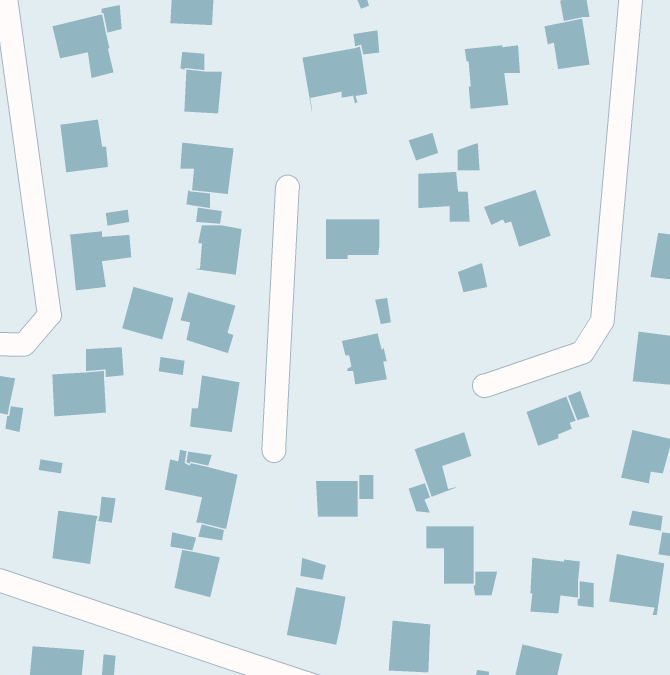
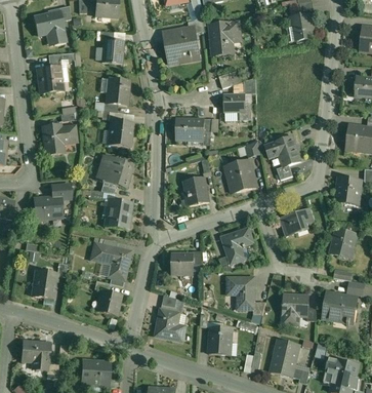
building: [464,44,521,109] -> [209,22,239,55]
building: [483,189,552,248] -> [264,135,300,166]
building: [121,286,175,341] -> none
building: none -> [224,158,256,192]

